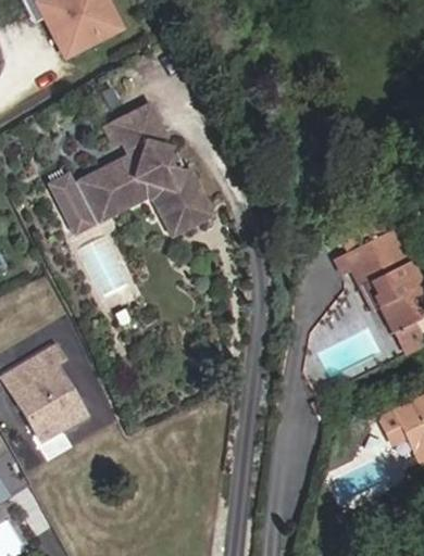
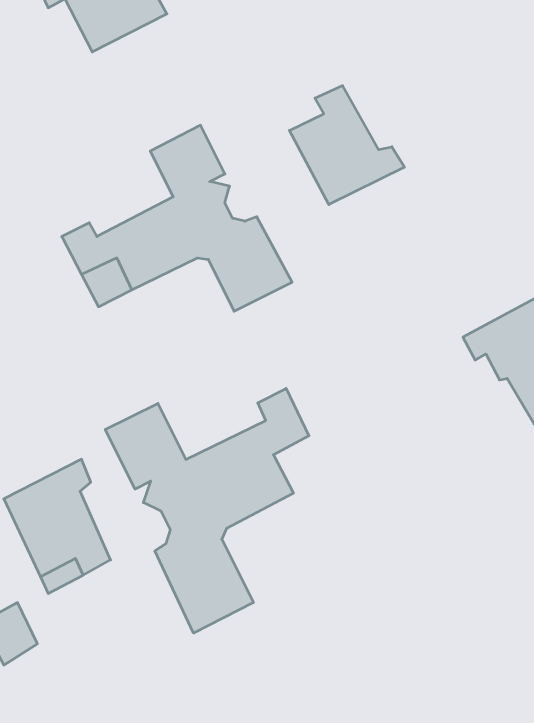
building: none -> [289,86,404,205]
building: none -> [105,388,309,633]

